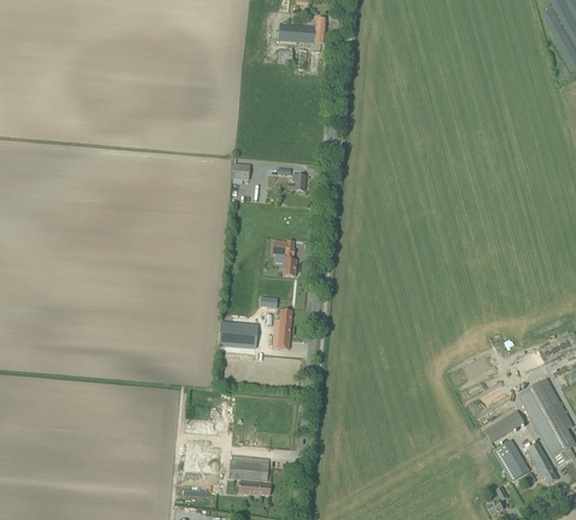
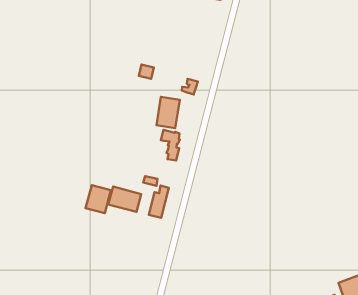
building: none -> [156,97,180,128]
building: none -> [86,185,111,213]

